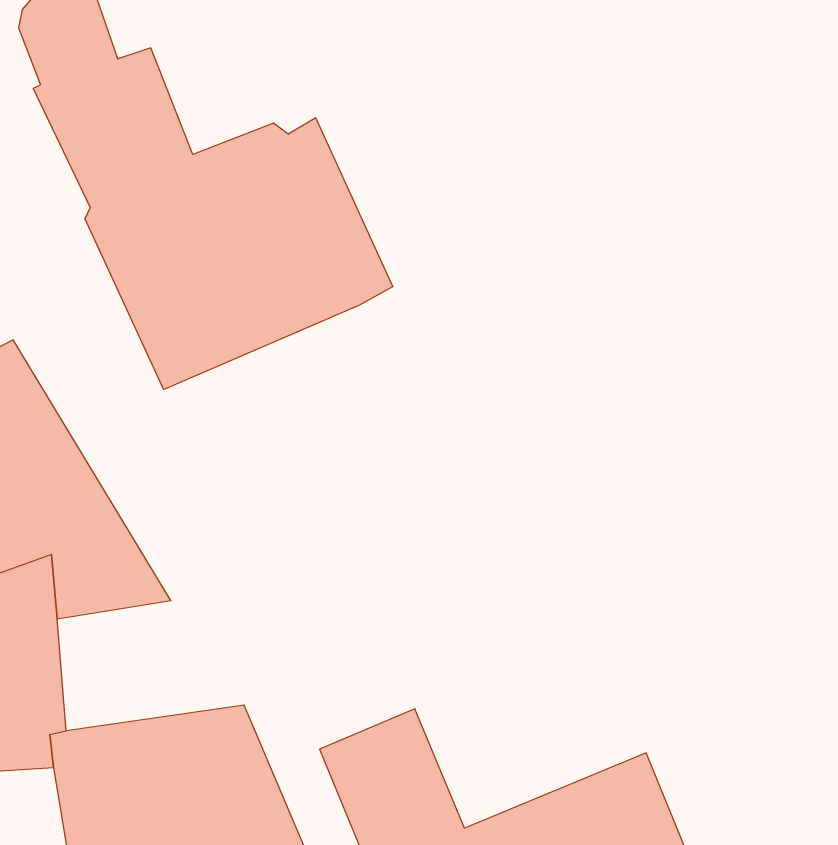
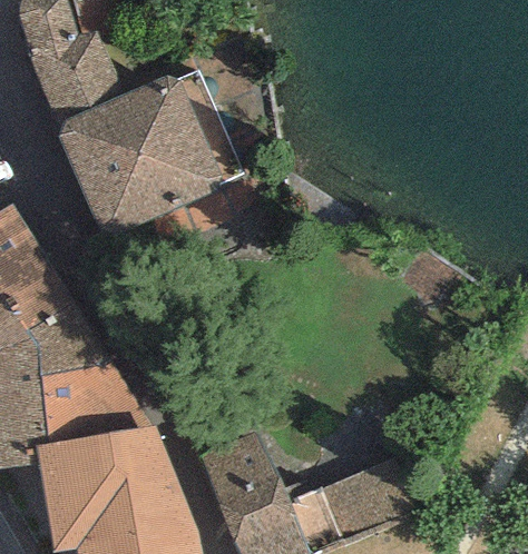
building: none -> [40,365,154,444]

